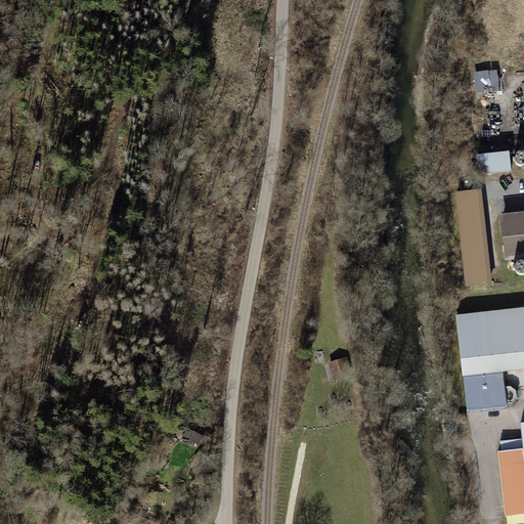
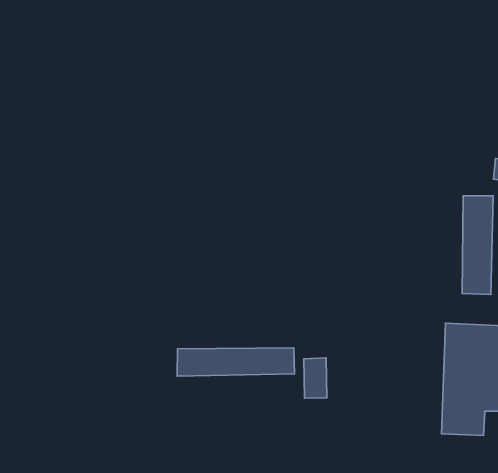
building: none -> [177,348,295,376]

